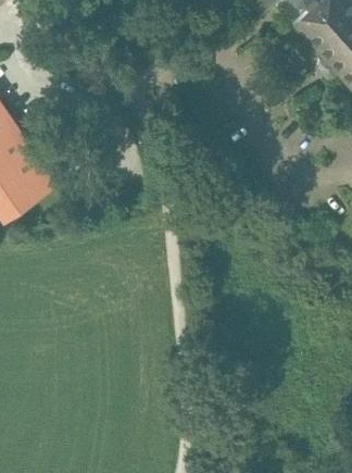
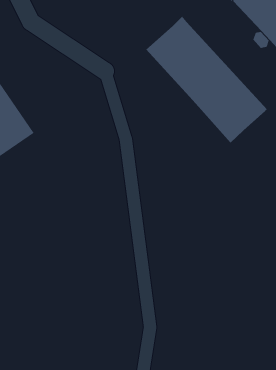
building: none -> [145,16,268,143]

